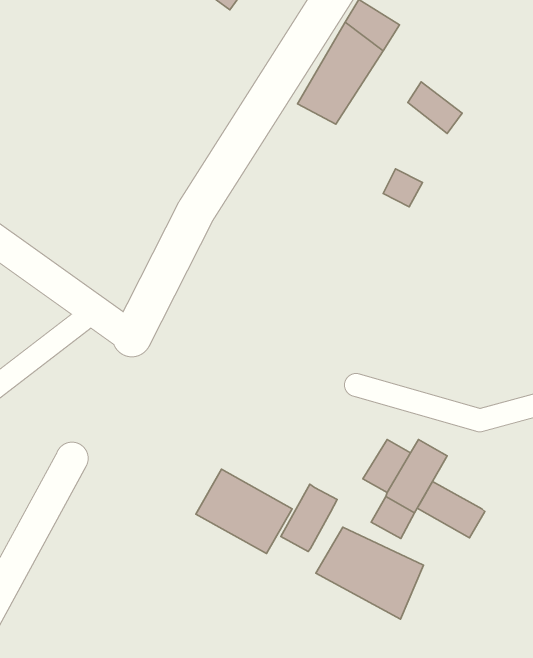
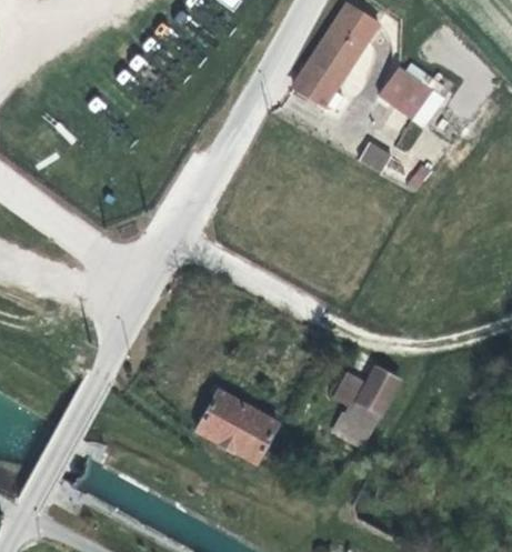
building: [417,482,485,538] -> none
building: [281,484,337,552] -> none
building: [316,527,424,619] -> none

